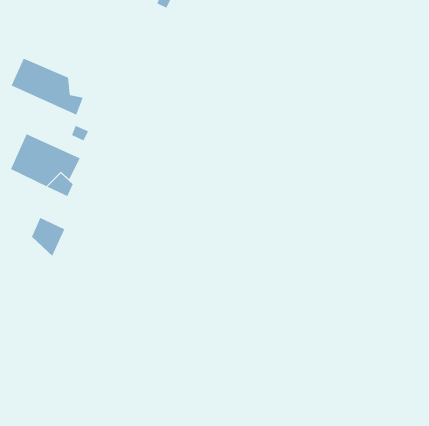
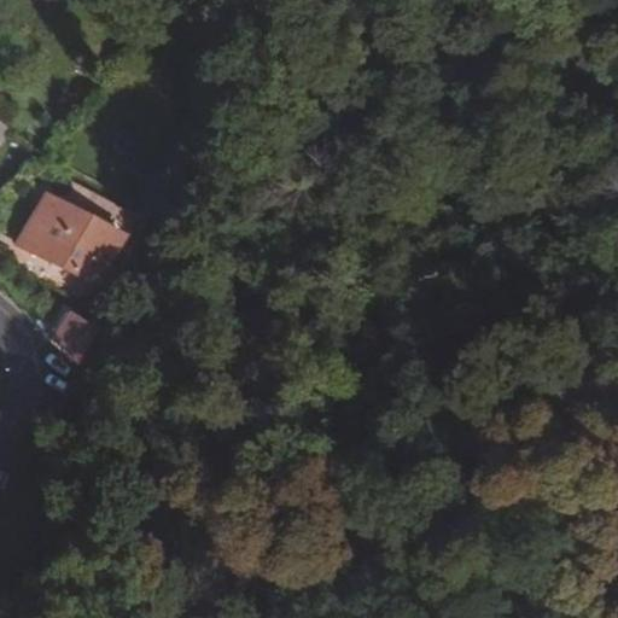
building: [11,58,83,115] -> none

